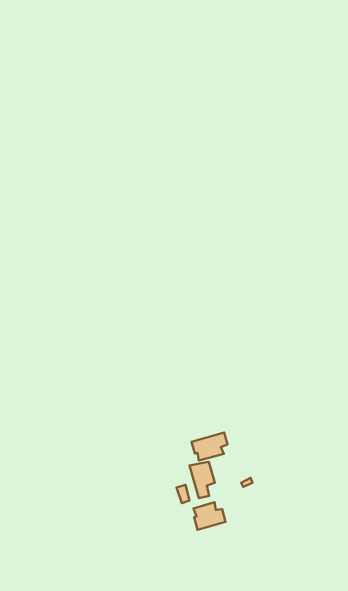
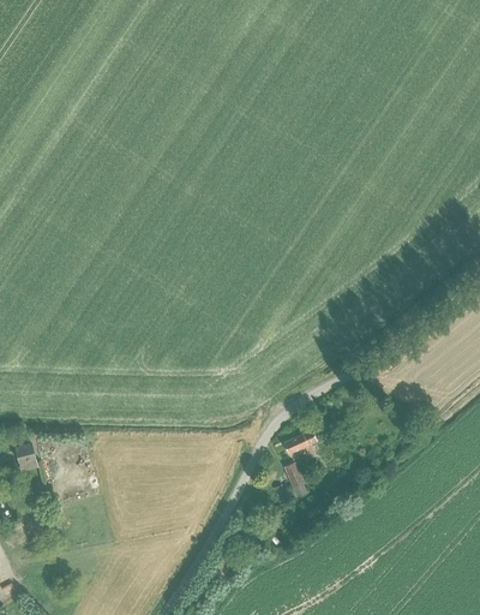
building: [194,502,226,530] -> none

